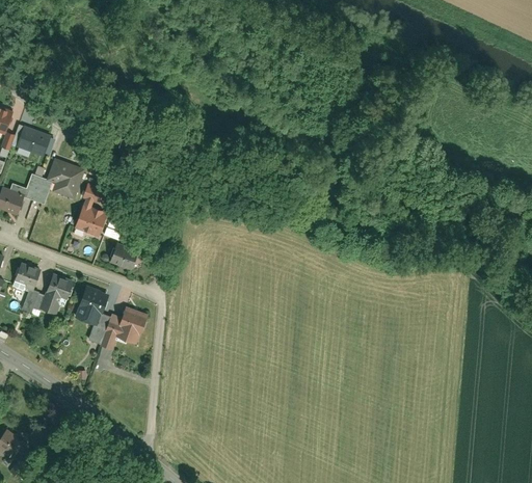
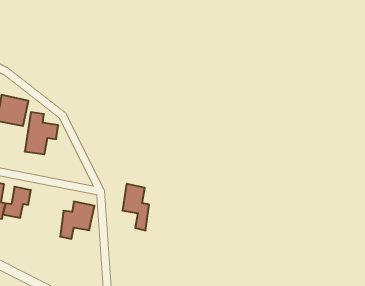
building: [108,241,137,270] -> none
building: [75,284,109,345] -> [122,184,149,230]

